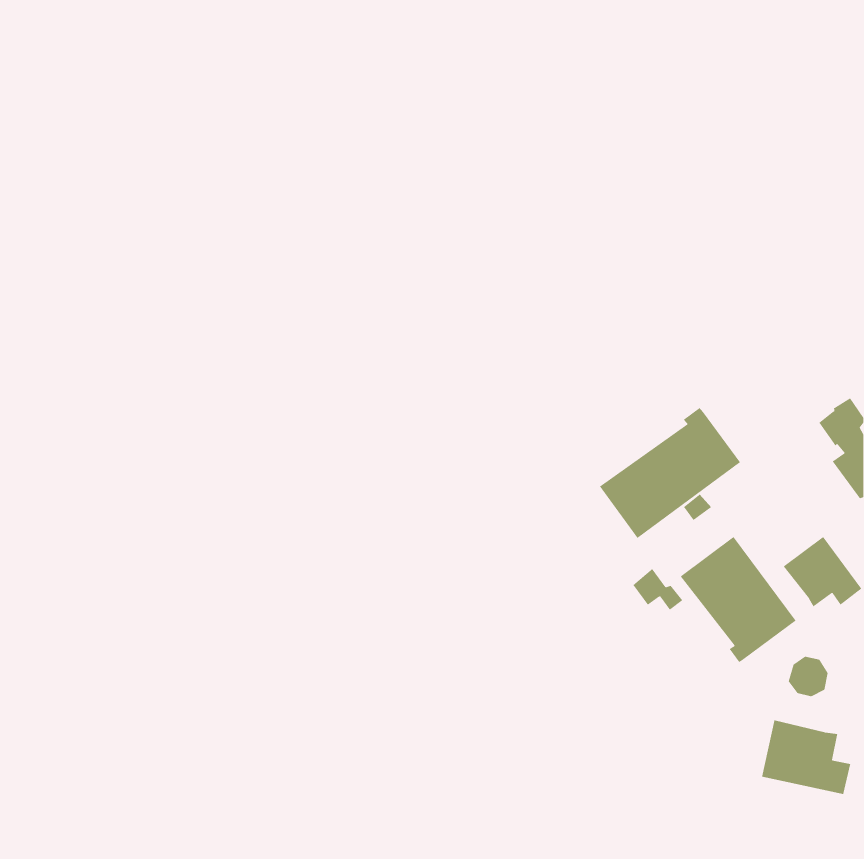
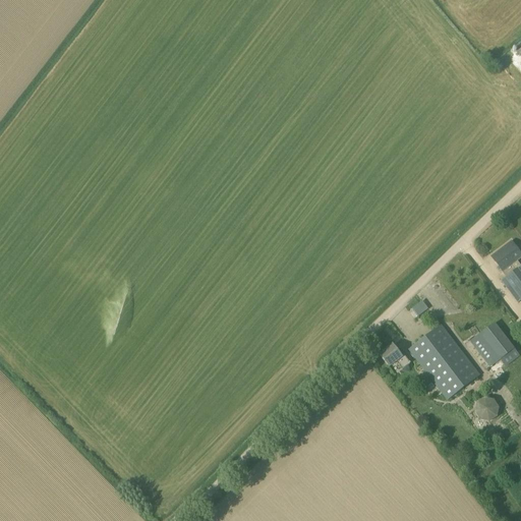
building: [599,407,741,539] -> none
building: [761,719,851,795] -> none

